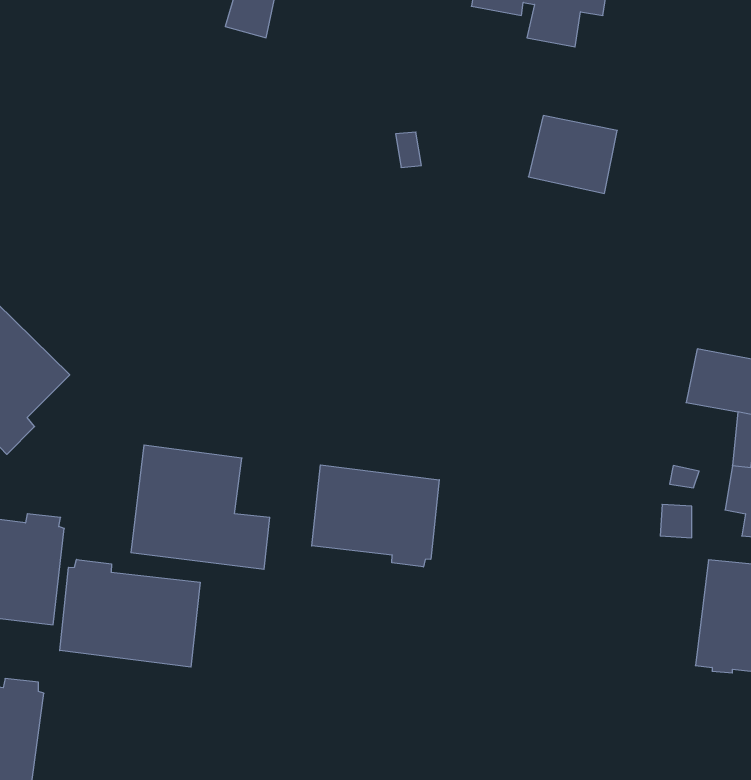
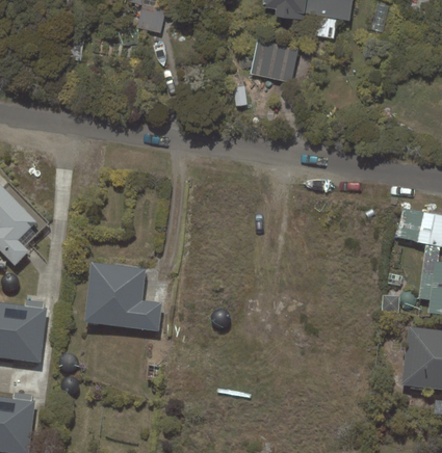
building: [528,116,617,193] -> [250,39,300,83]
building: [312,465,439,567] -> none
building: [60,559,200,667] -> none

